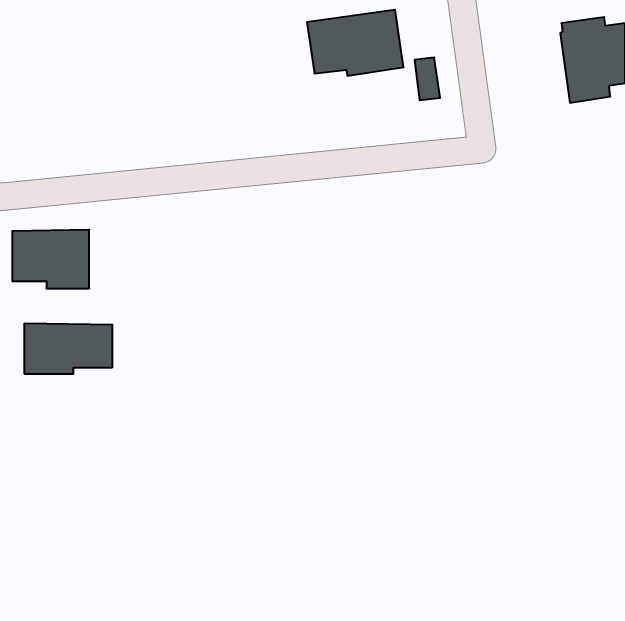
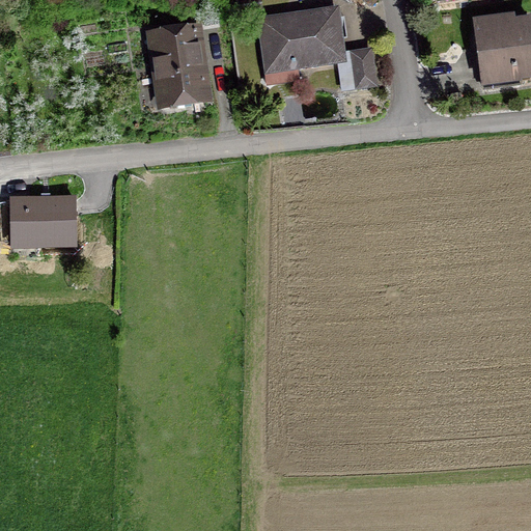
building: none -> [151,26,207,104]
building: [25,323,112,374] -> none

